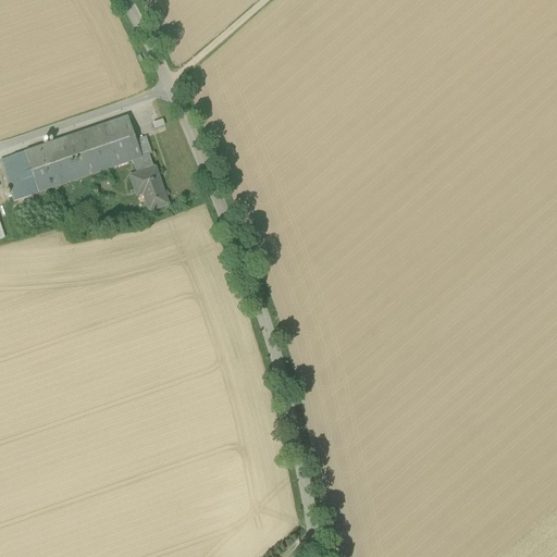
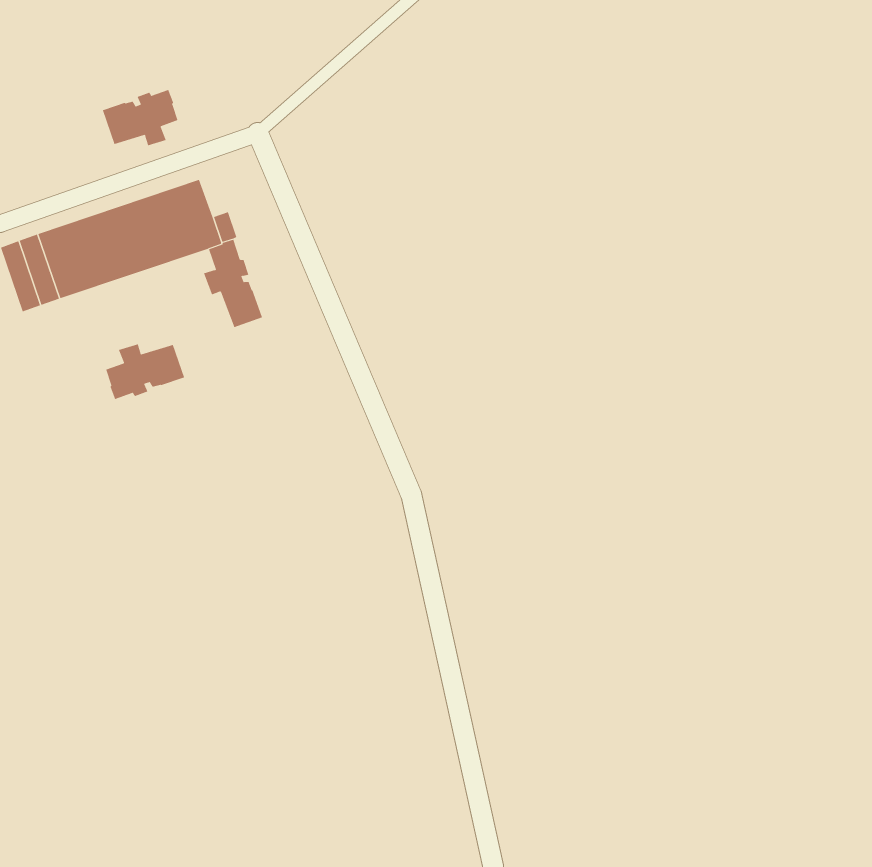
building: none -> [102,89,178,146]
building: none -> [106,343,185,400]

